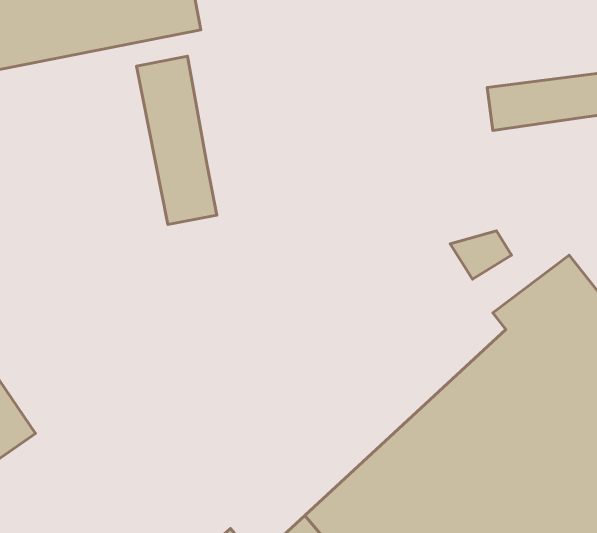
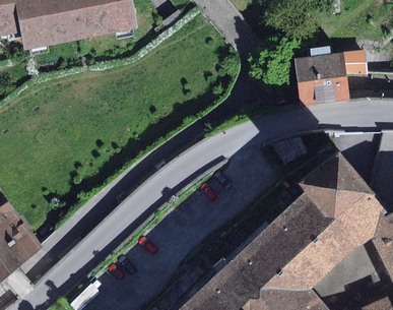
building: [136,56,217,225] -> none
building: none -> [297,76,348,108]

